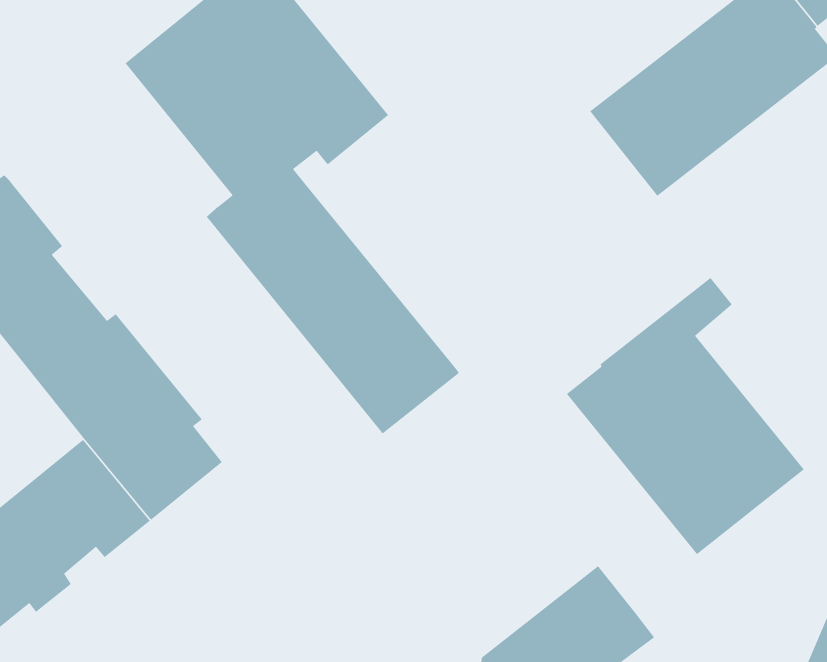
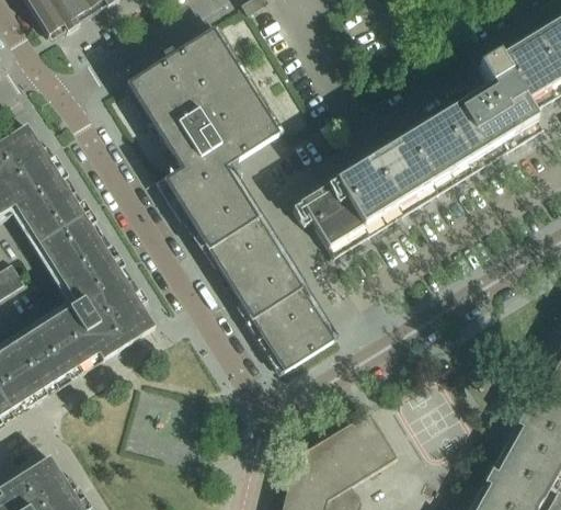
building: none -> [300,144,427,257]
building: [566,277,805,555] -> none
building: none -> [251,283,335,370]

